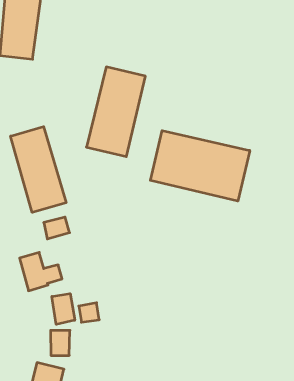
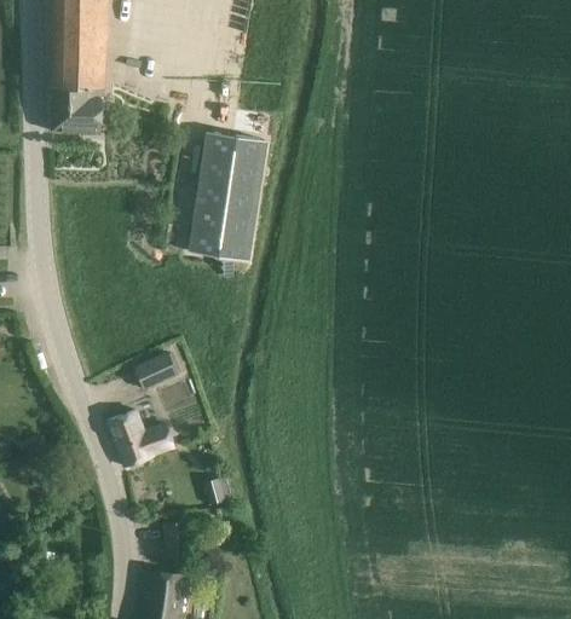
building: [11,127,66,212] -> none
building: [150,131,250,201] -> none
building: [52,294,75,324] -> none

